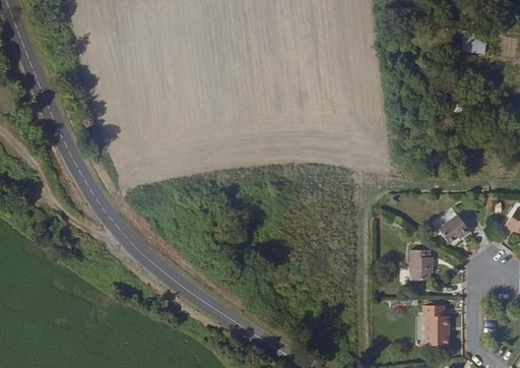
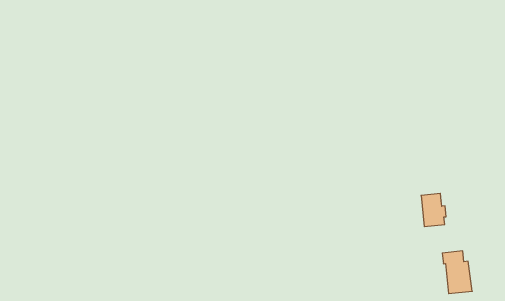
building: [439,214,469,242] -> none

